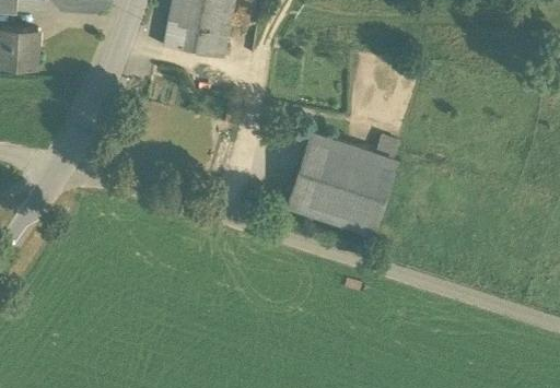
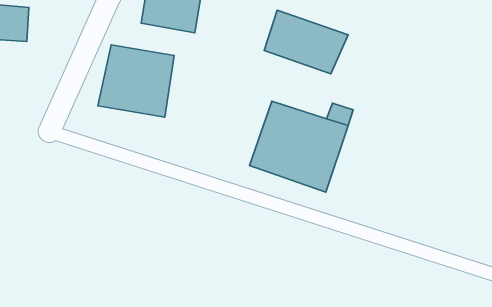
building: none -> [264,10,348,74]
building: none -> [98,45,174,117]

